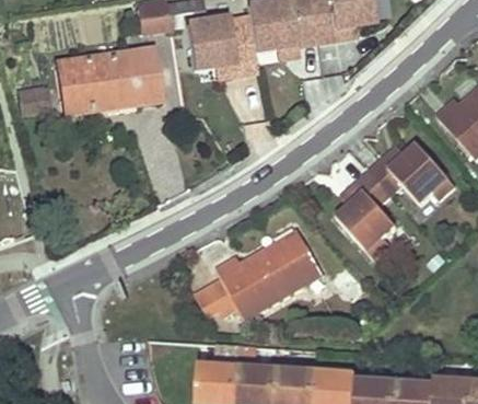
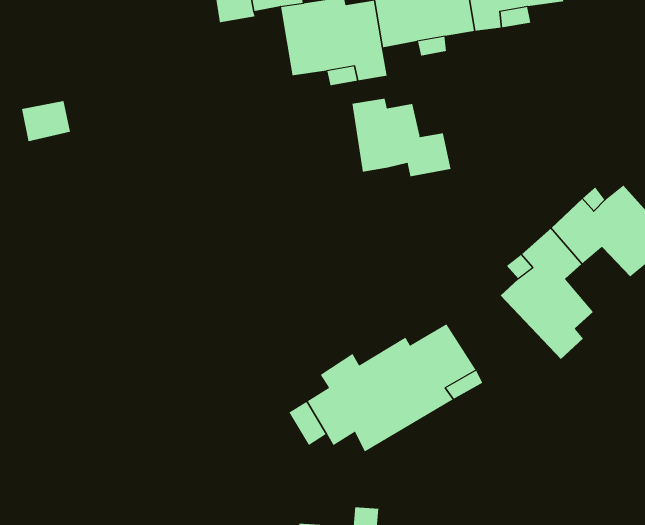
building: [60,49,161,113] -> none
building: none -> [352,98,451,177]

